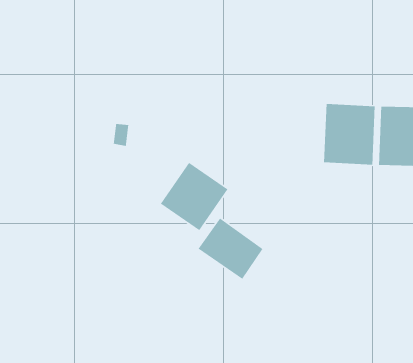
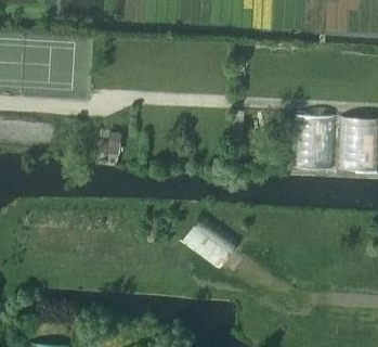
building: [160,162,228,231] -> none

